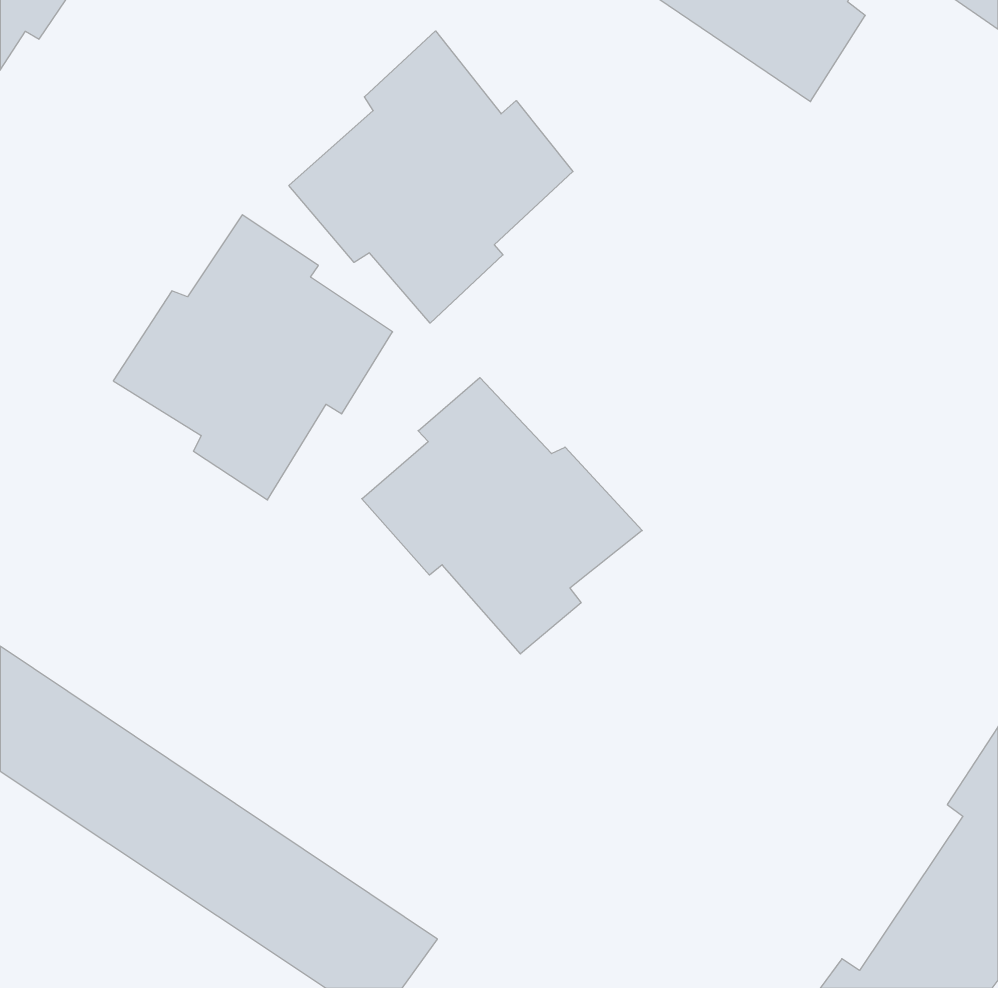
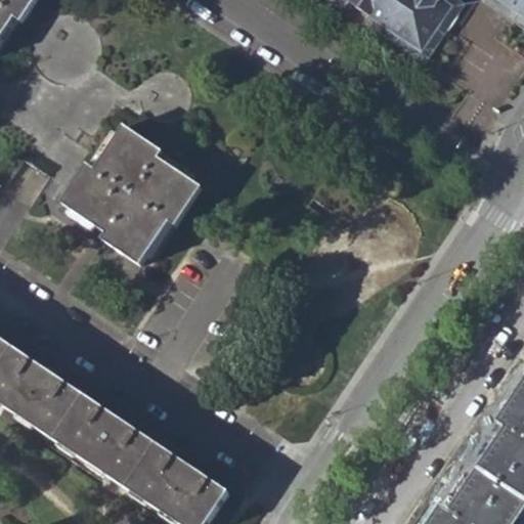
building: [289,31,573,323] -> none
building: [362,378,642,654] -> none

